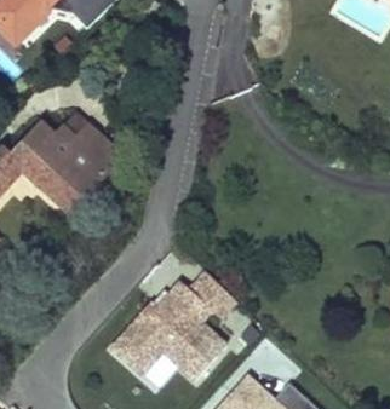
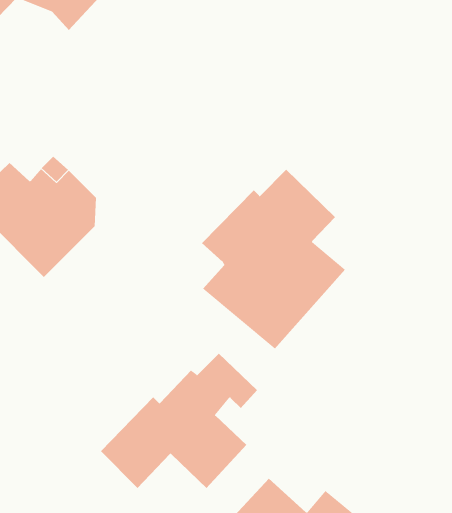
building: none -> [201,169,346,349]

